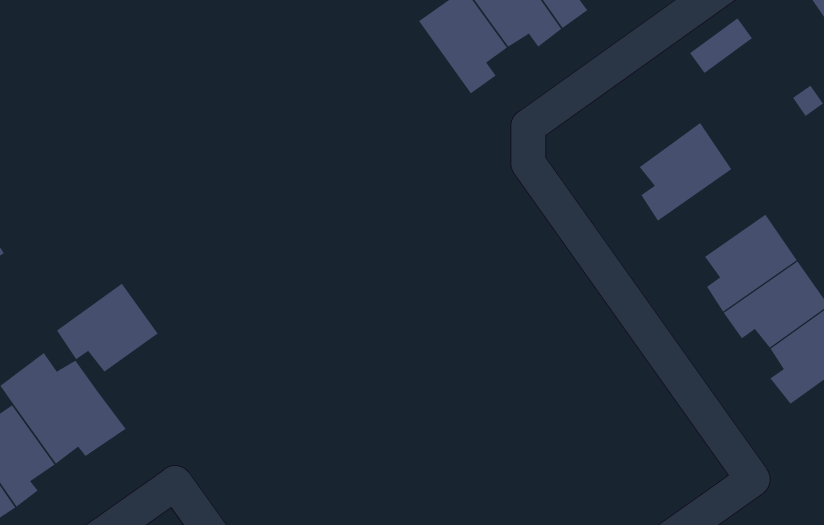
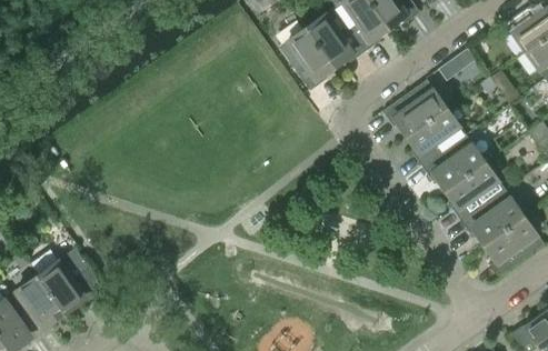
building: none -> [382,80,447,134]
building: none -> [421,136,486,188]
building: [56,283,159,373] -> none

